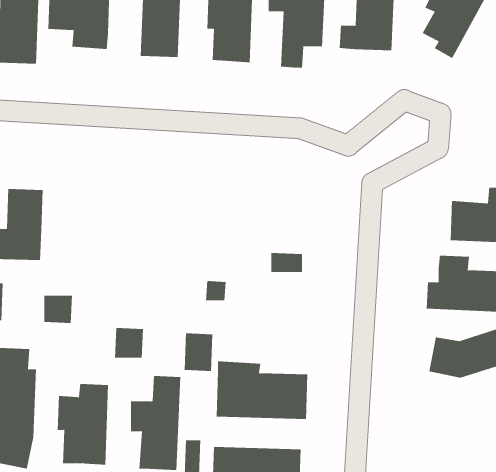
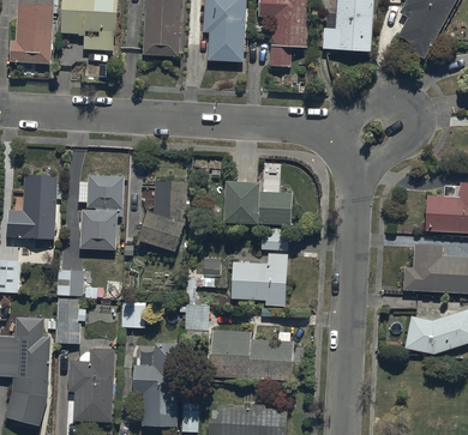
building: none -> [79,176,125,250]
building: none -> [138,183,186,254]
building: none -> [224,183,293,226]
building: none -> [230,254,287,307]
building: none -> [56,298,80,345]

